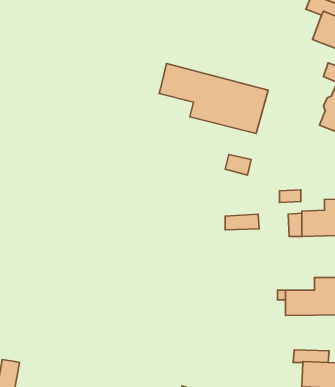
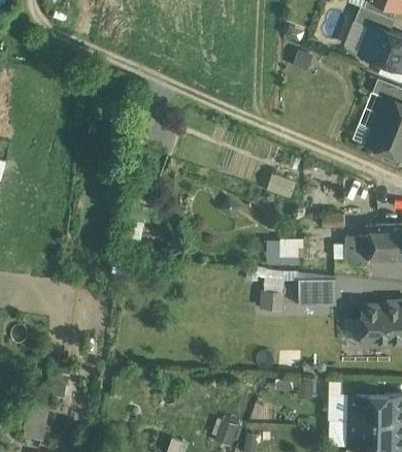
building: [159,64,268,134] -> none
building: none -> [264,272,283,311]
building: none -> [298,280,337,308]

